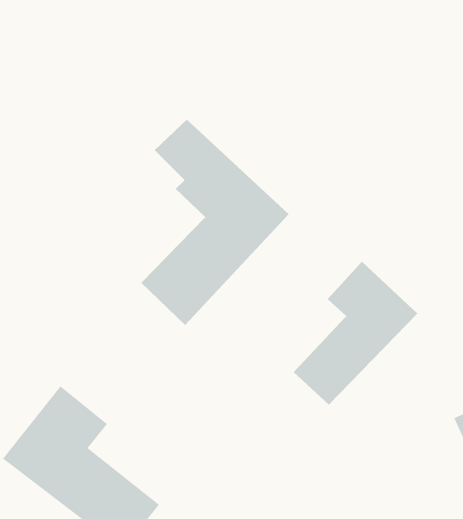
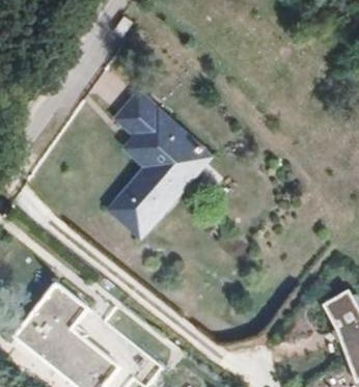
building: [293,261,418,406] -> none

